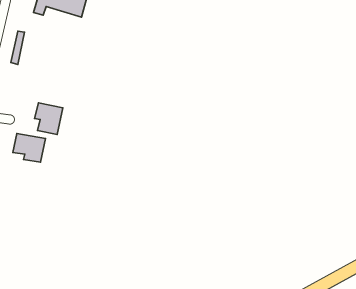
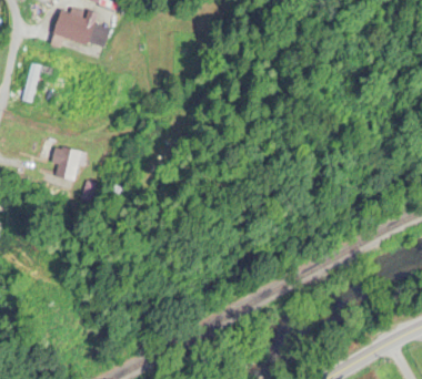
building: [13,133,45,162] -> none

